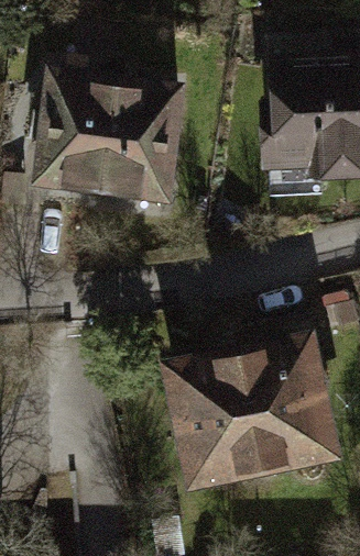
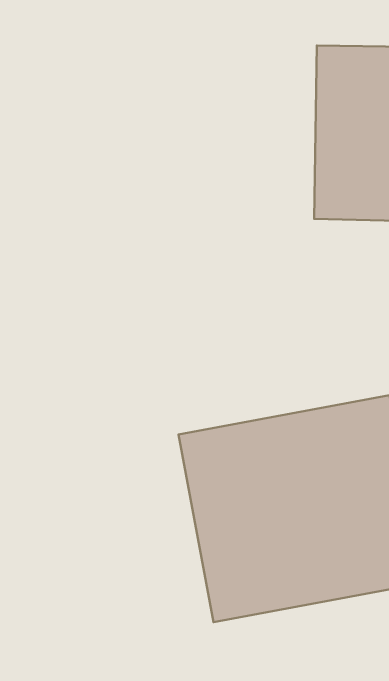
building: [30,59,160,174] -> none

